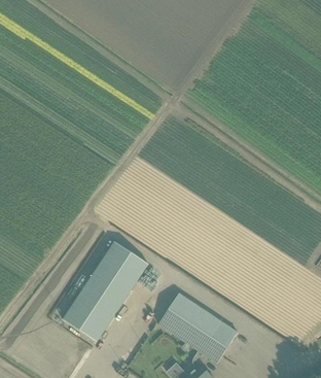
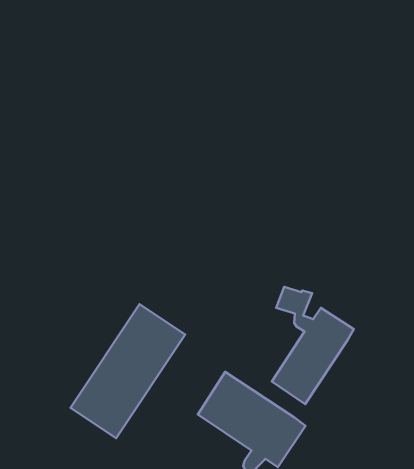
building: none -> [272,287,354,404]

